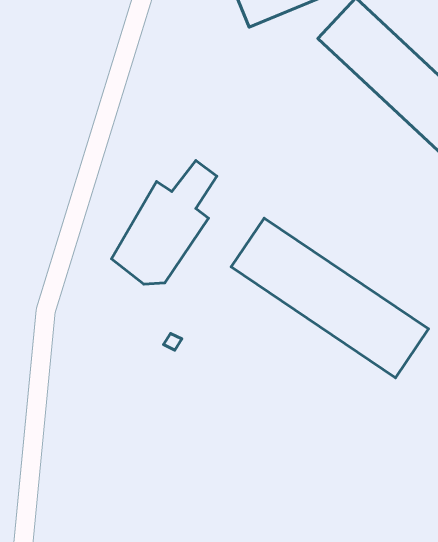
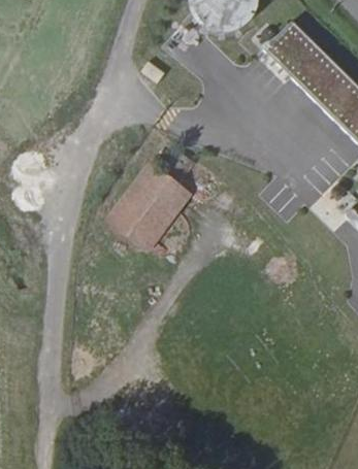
building: [231,218,428,378] -> none

